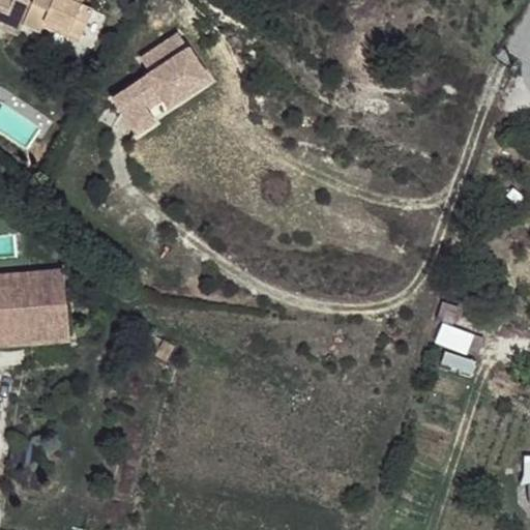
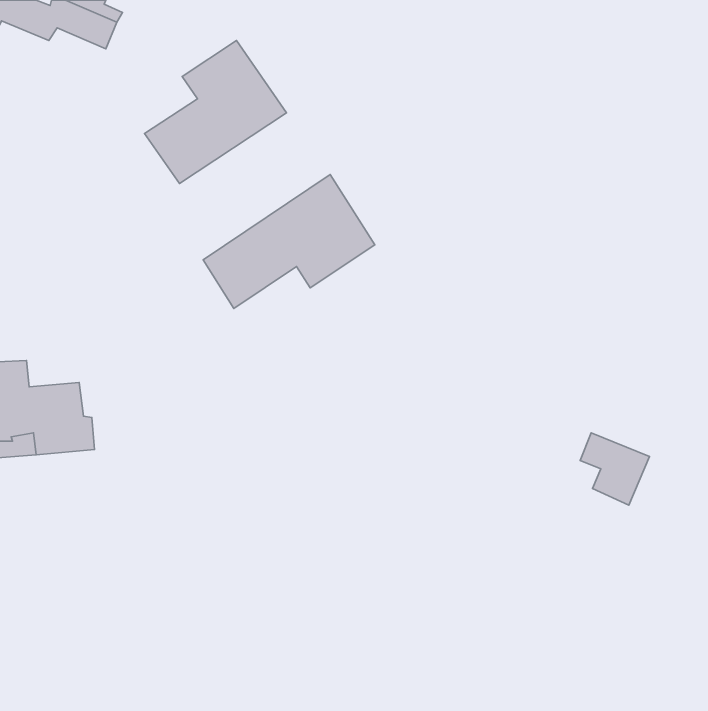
building: none -> [203,175,375,309]
building: [20,264,68,311] -> none

